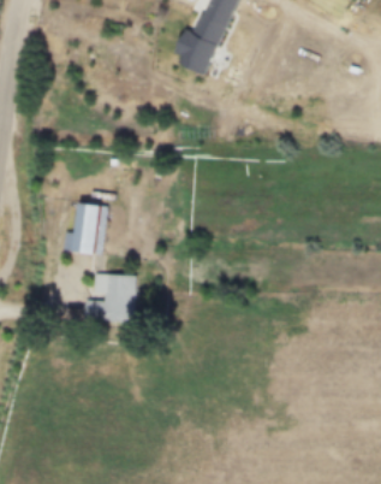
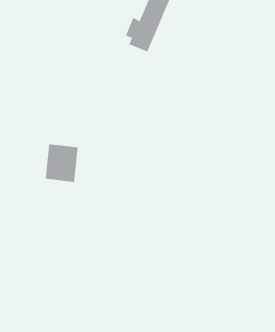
building: [85,273,137,323] -> none

